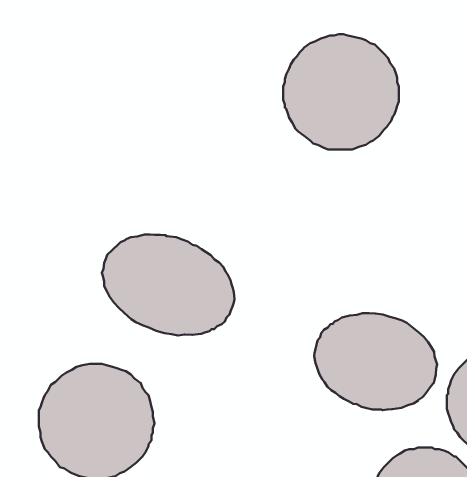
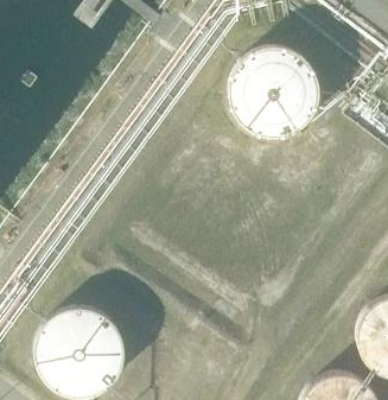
building: [102,235,234,335] -> none
building: [314,313,437,410] -> none

